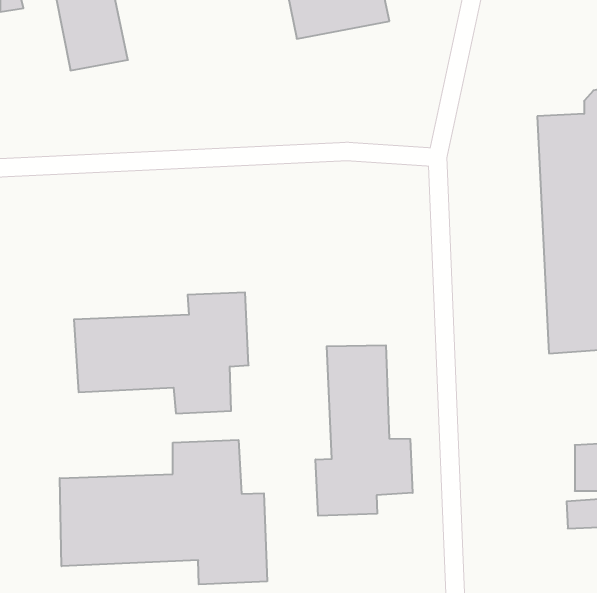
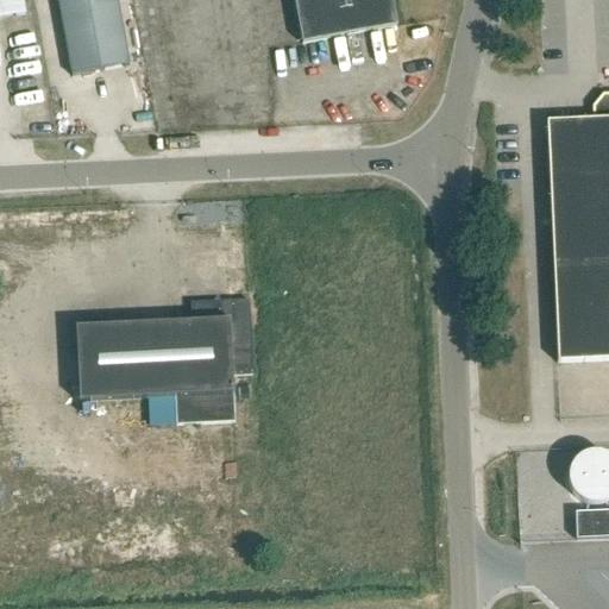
building: [316,345,413,516] -> none
building: [60,440,267,584] -> none

